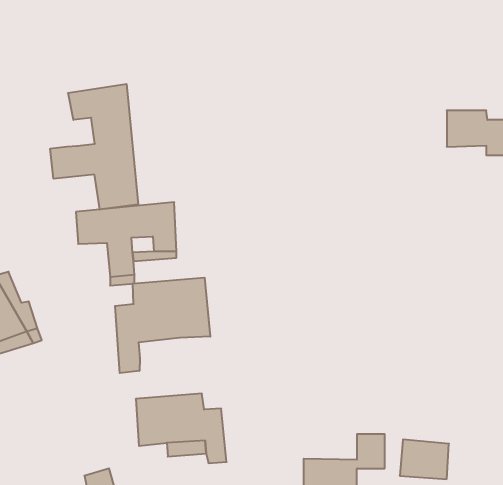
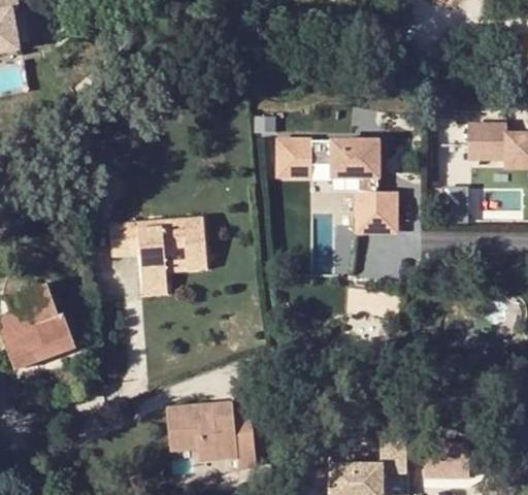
building: [50,84,138,210] -> none
building: none -> [280,144,396,235]
building: [115,278,210,373] -> none

